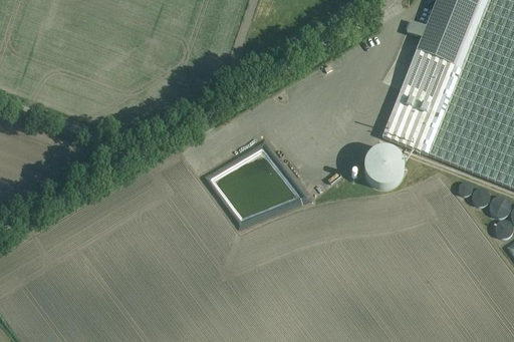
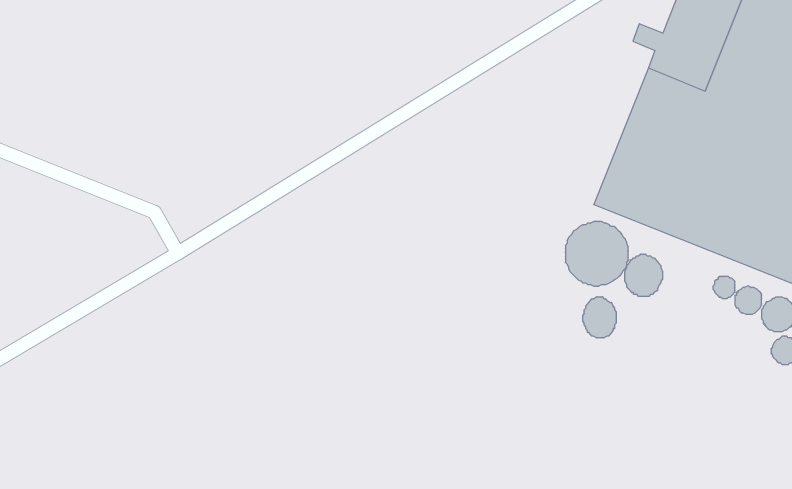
building: none -> [625,254,663,296]
building: none -> [583,297,616,338]

